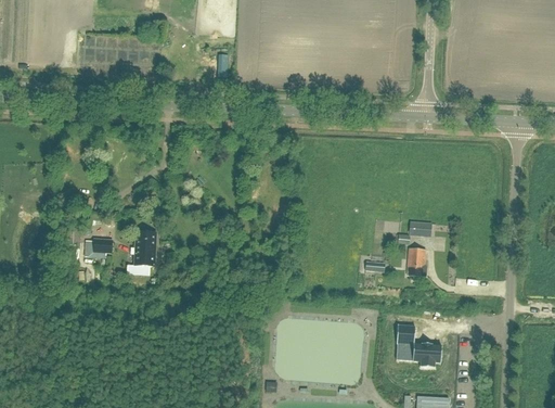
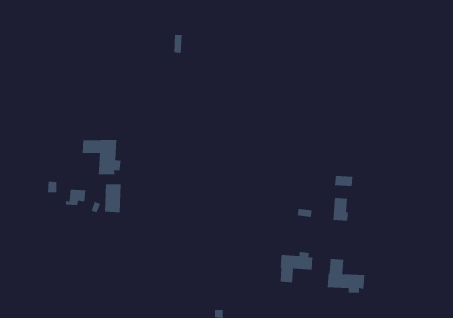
building: none -> [82,139,121,175]
building: none -> [280,251,313,283]

